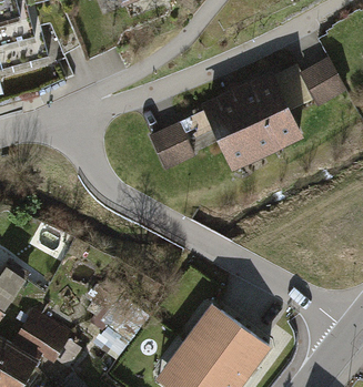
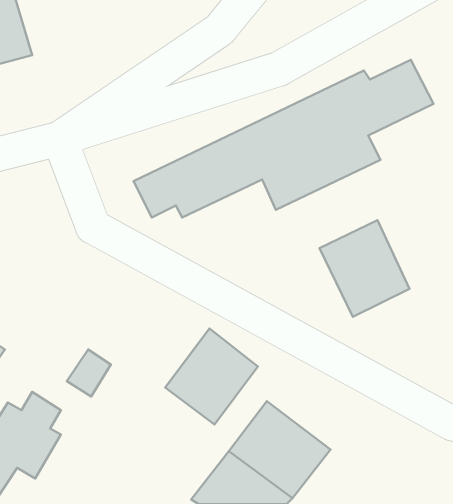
building: none -> [319,220,409,317]
building: none -> [165,328,258,425]

